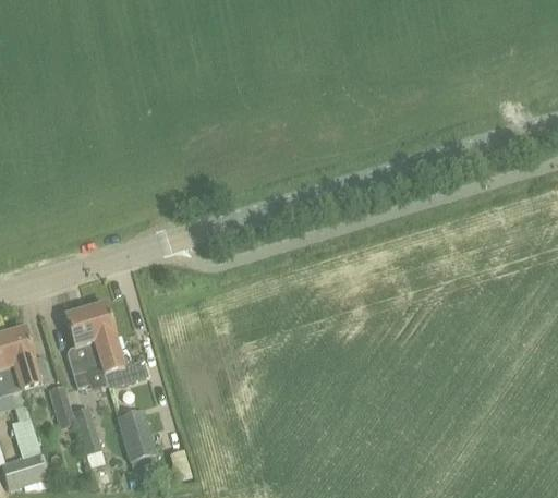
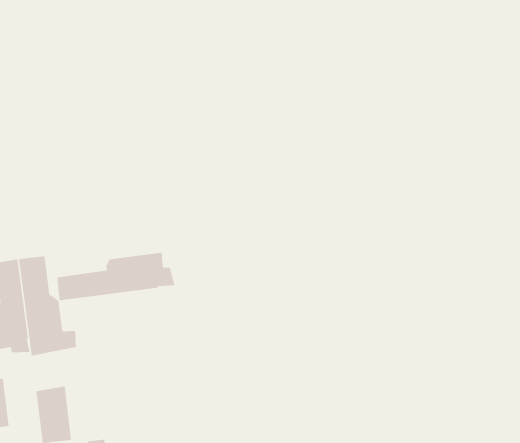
building: none -> [57,252,175,301]

